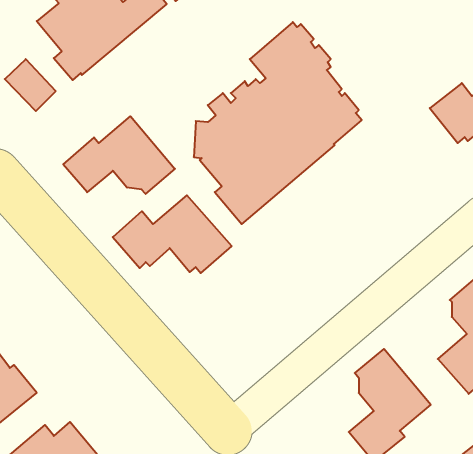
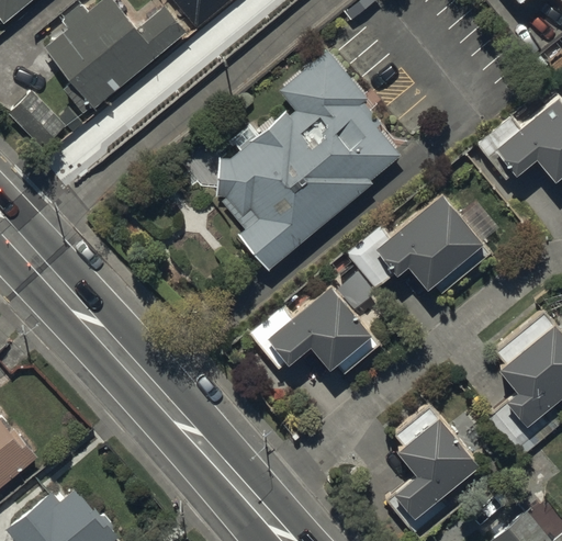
building: [63,116,175,194] -> none
building: none -> [348,198,490,293]
building: [113,195,232,273] -> [249,289,380,374]

